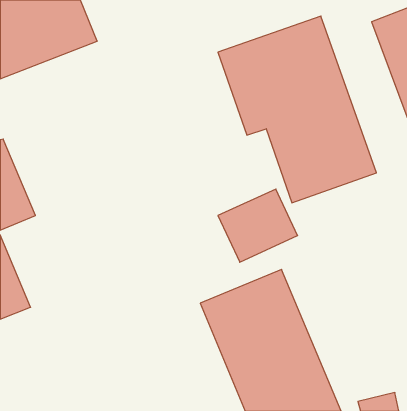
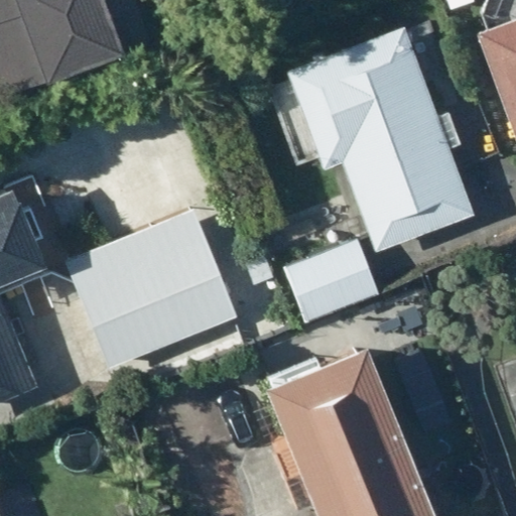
building: none -> [64,207,243,372]

